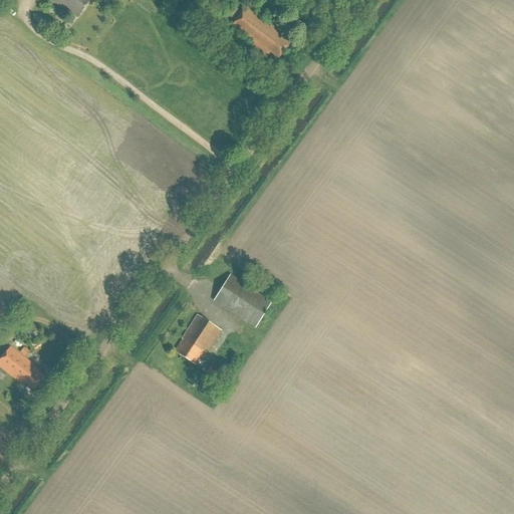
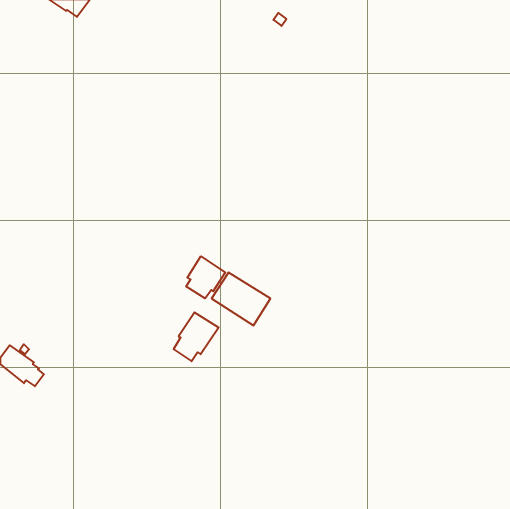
building: [229,5,289,59] -> none
building: none -> [186,256,225,298]

